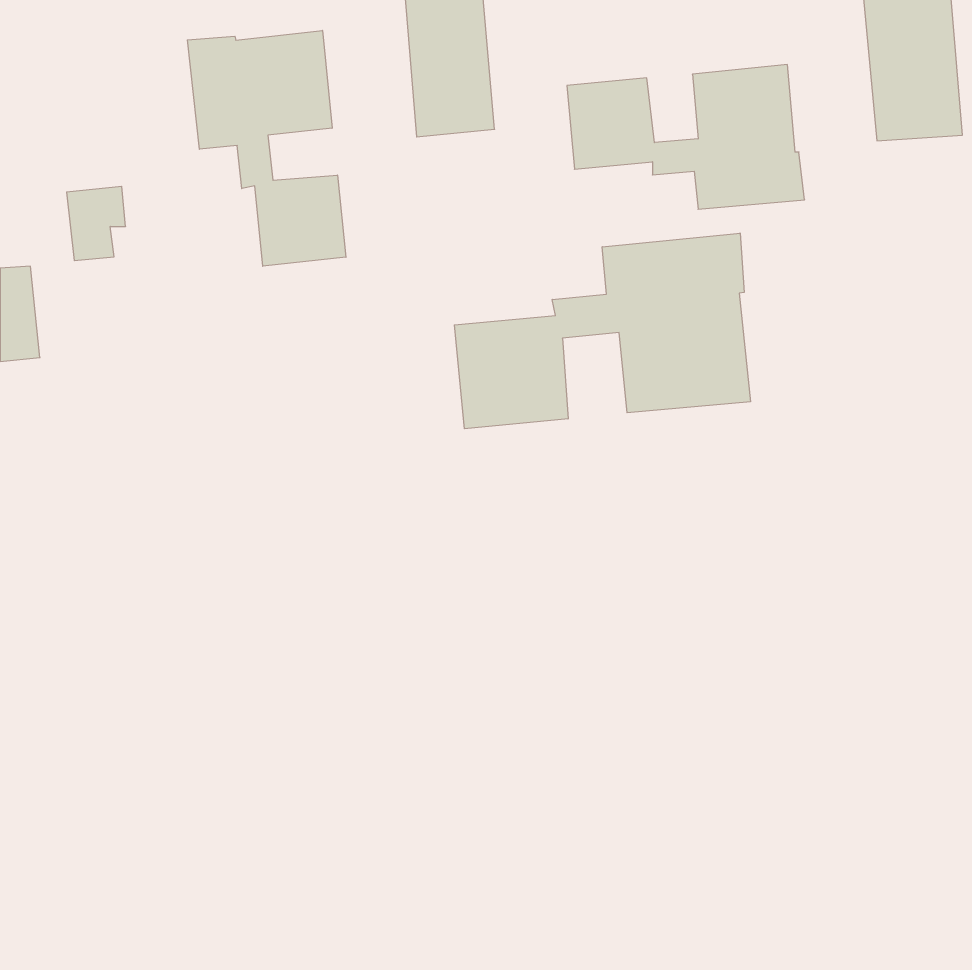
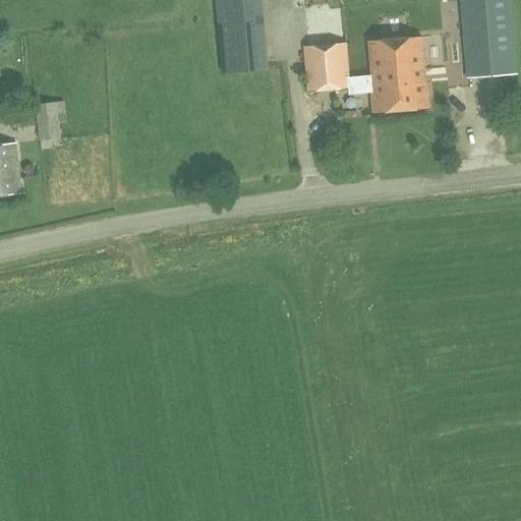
building: [187,30,346,266] -> none
building: [454,233,750,429] -> none

